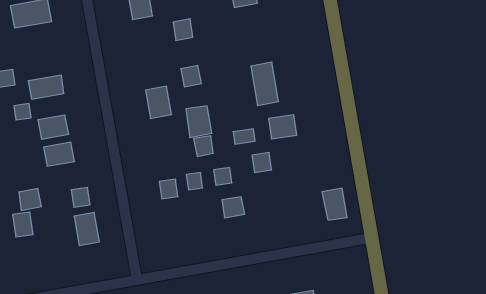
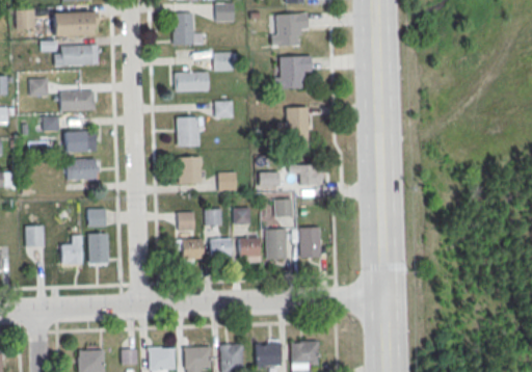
building: none -> [278,56,304,89]
building: none -> [61,46,90,67]
building: none -> [175,72,209,91]
building: [186,106,212,137] -> [179,156,202,185]
building: none -> [265,229,286,259]
building: [322,188,347,220] -> [298,228,320,258]
building: [19,188,41,210] -> [61,244,82,264]
building: none -> [210,239,231,258]
building: none -> [181,239,203,259]

